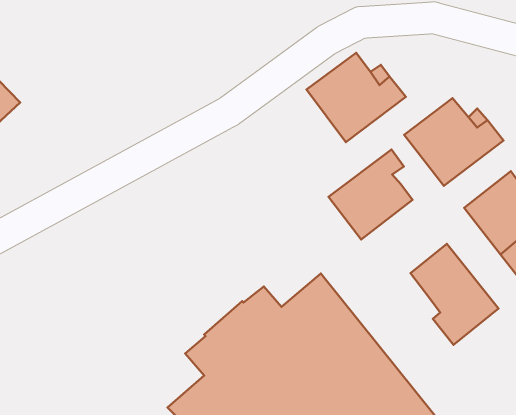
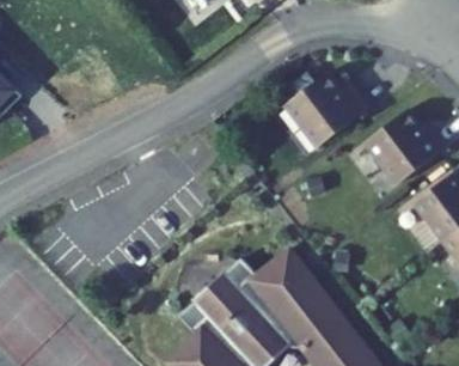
building: [329,149,412,239] -> none
building: [411,244,499,345] -> none

